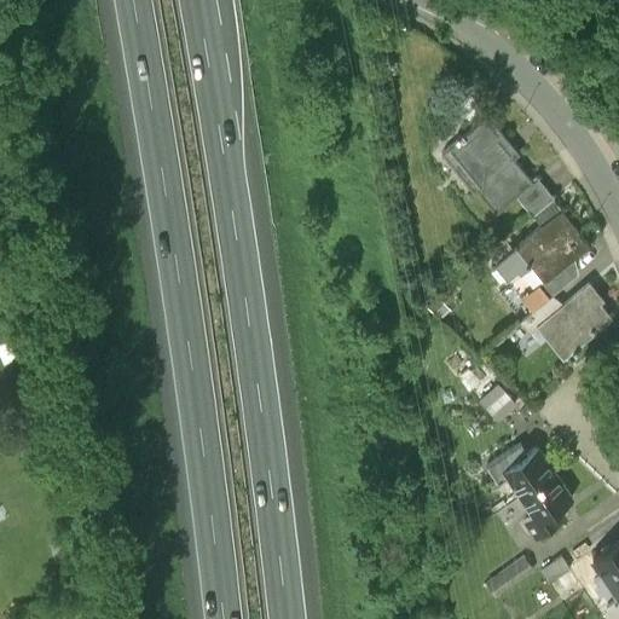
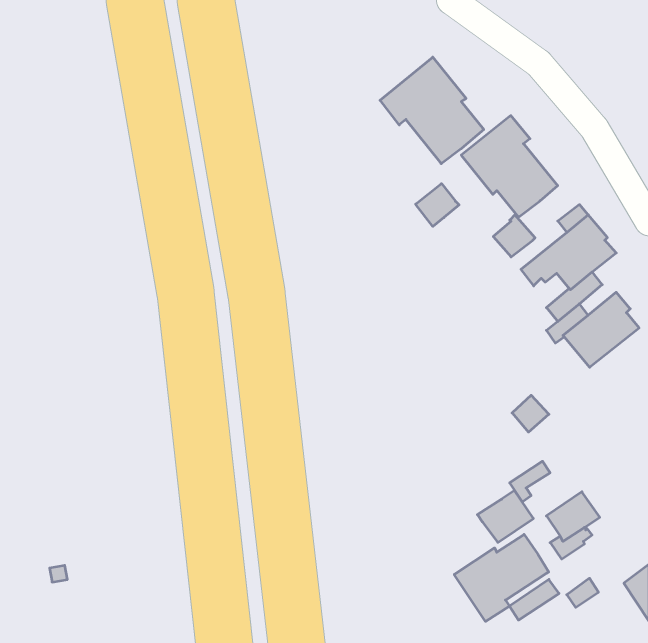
building: none -> [380,57,484,164]
building: [515,177,555,216] -> [493,215,535,257]
building: none -> [416,184,459,226]
building: [502,447,555,497] -> [477,490,533,542]
building: none -> [454,534,549,621]

